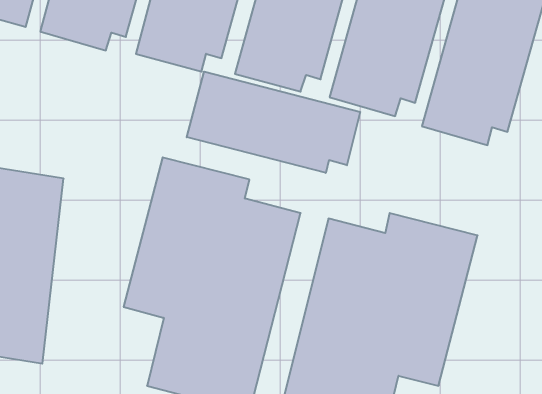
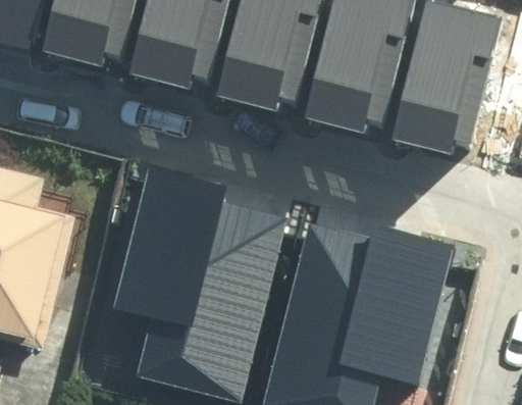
building: [187,72,360,173] -> none

